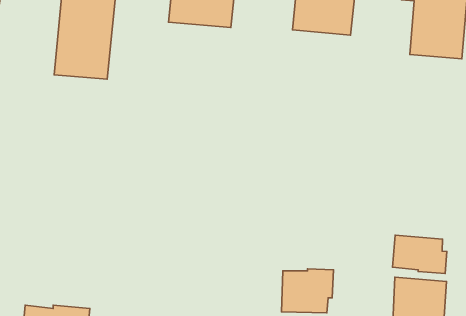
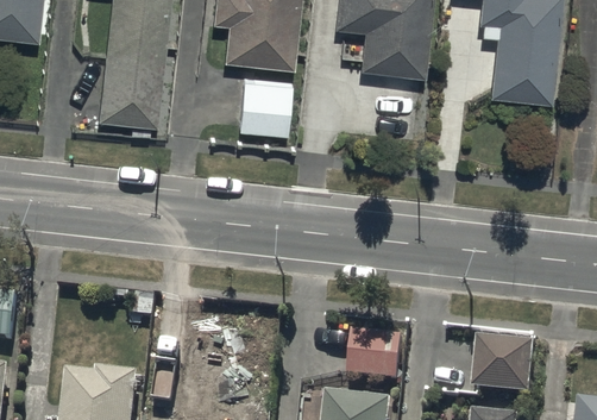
building: none -> [239,74,293,128]
building: [392,235,447,274] -> none

